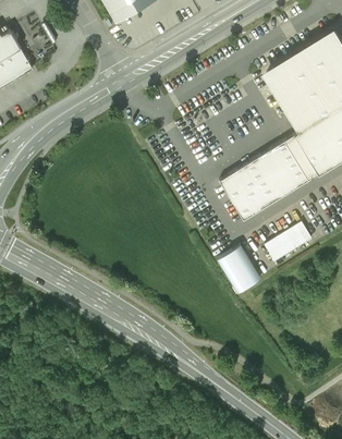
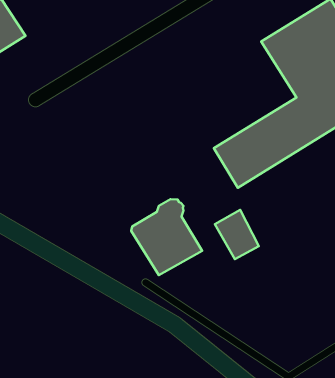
building: [264,221,310,260] -> none
building: none -> [131,199,202,275]

